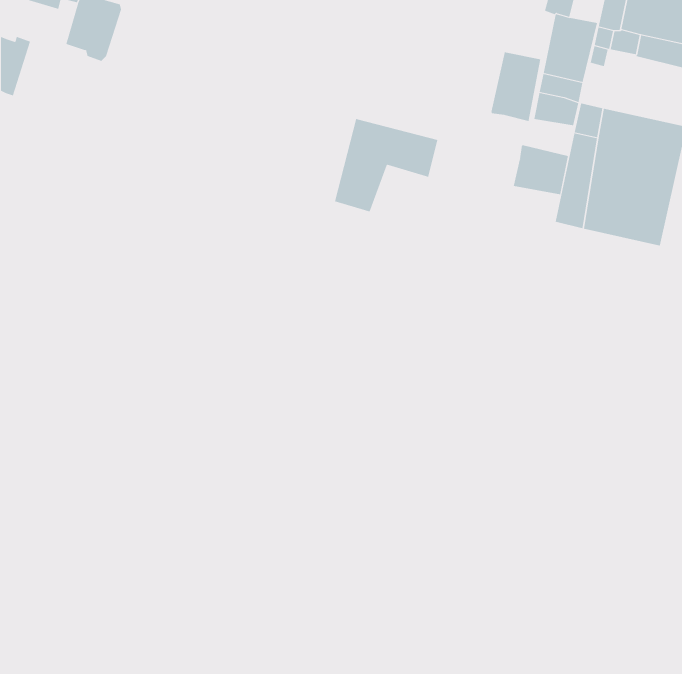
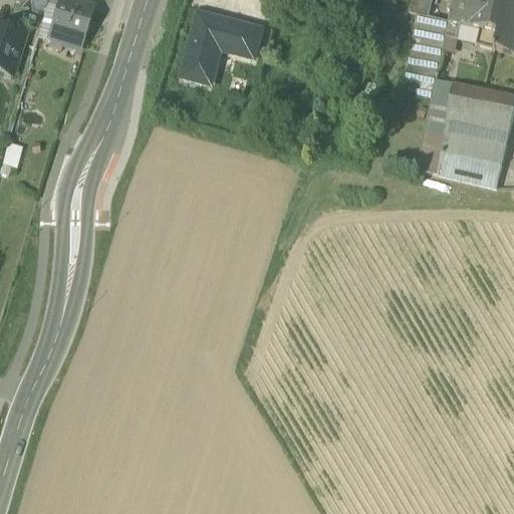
building: [491,52,541,122] -> none
building: [334,119,438,212] -> [183,11,261,81]
building: [513,145,569,195] -> none

